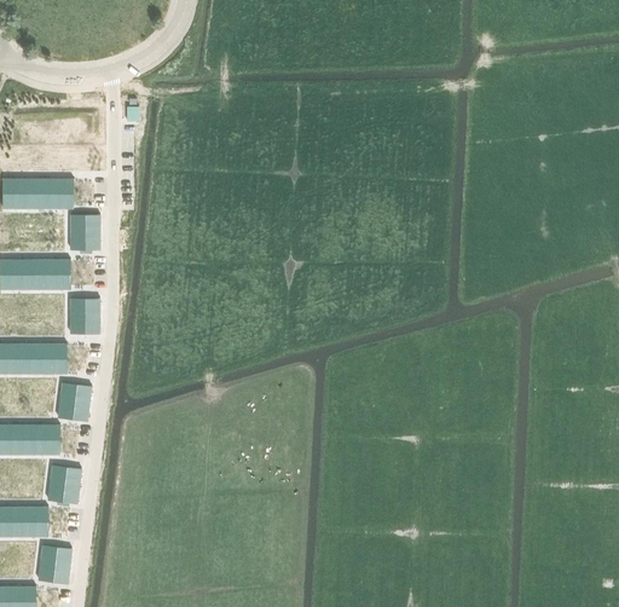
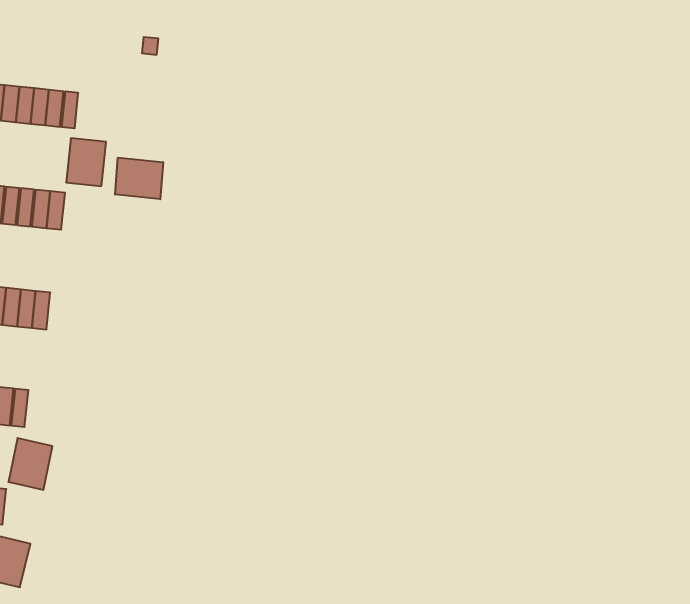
building: none -> [115,158,163,199]
building: [69,296,98,334] -> none
building: [56,381,89,421] -> none

